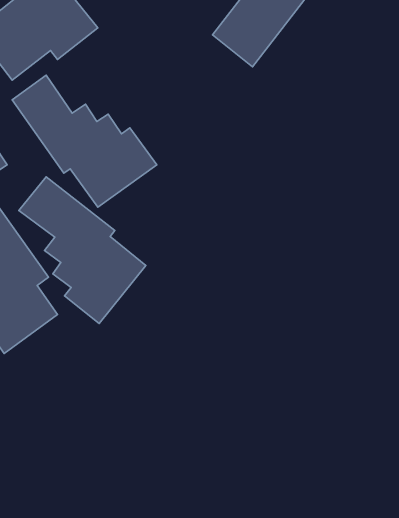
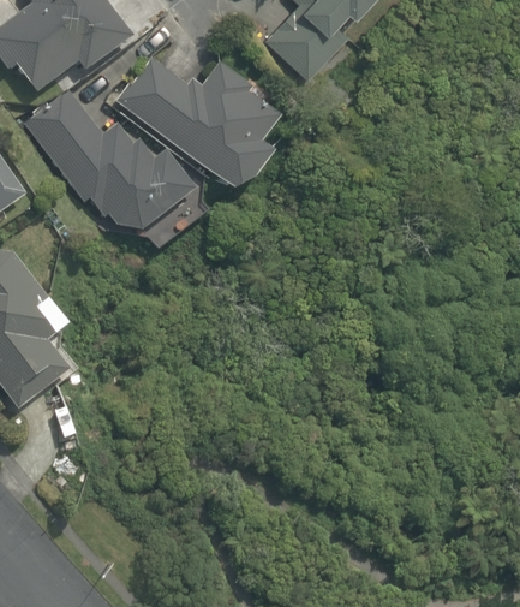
building: none -> [116,56,282,195]
building: [19,177,146,324] -> none

